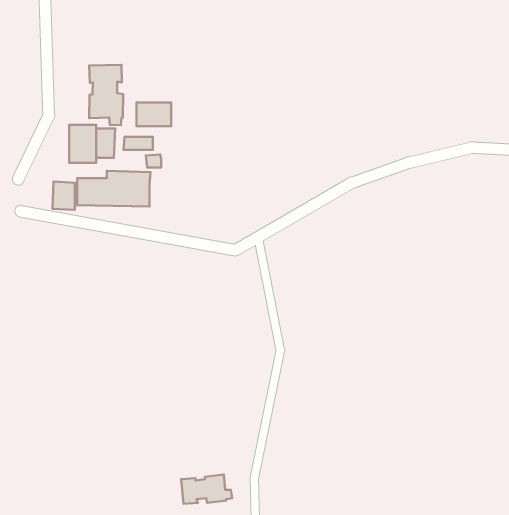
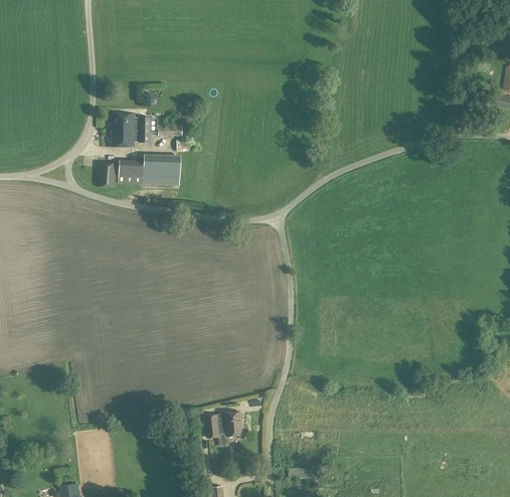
building: [89,65,123,125] -> none
building: [136,102,171,126] -> none

